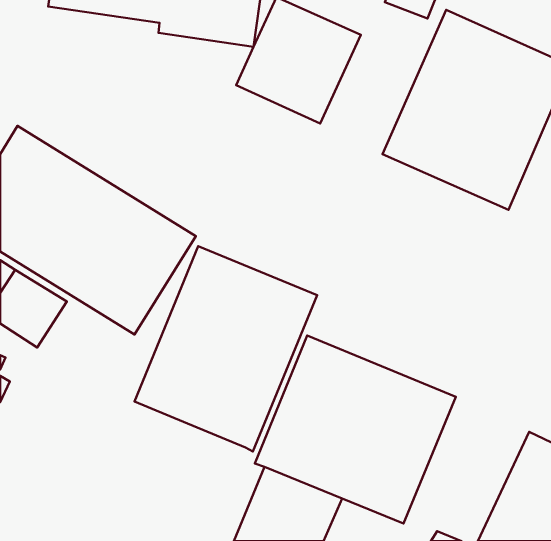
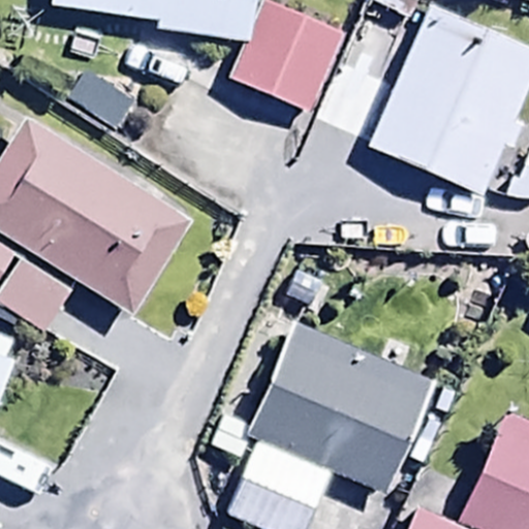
building: [134,246,317,451] -> none

